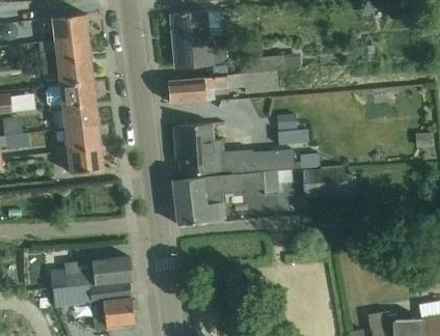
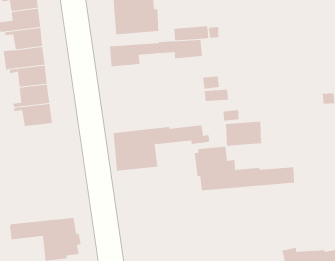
building: [173,123,291,175] -> [194,146,295,191]
building: [51,256,132,287] -> none

